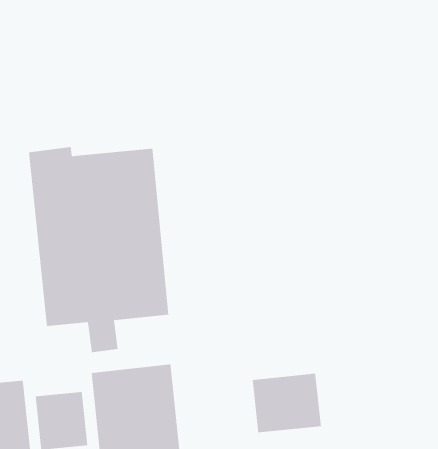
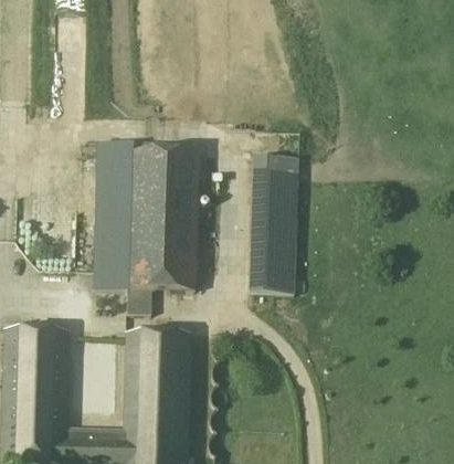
building: none -> [250,154,298,291]
building: [252,373,321,433] -> none

